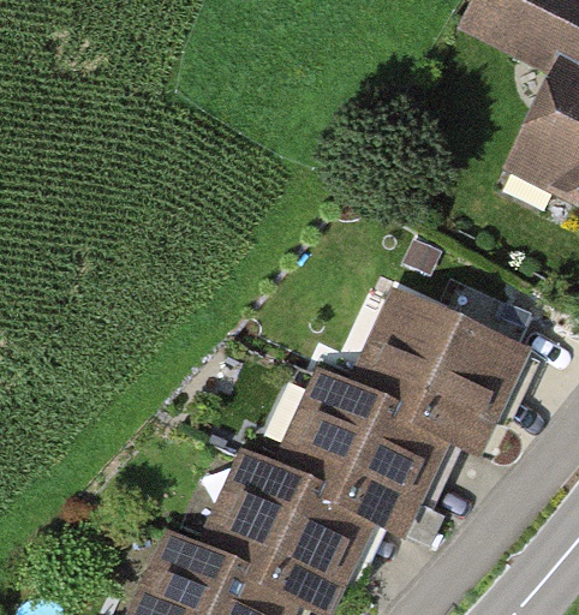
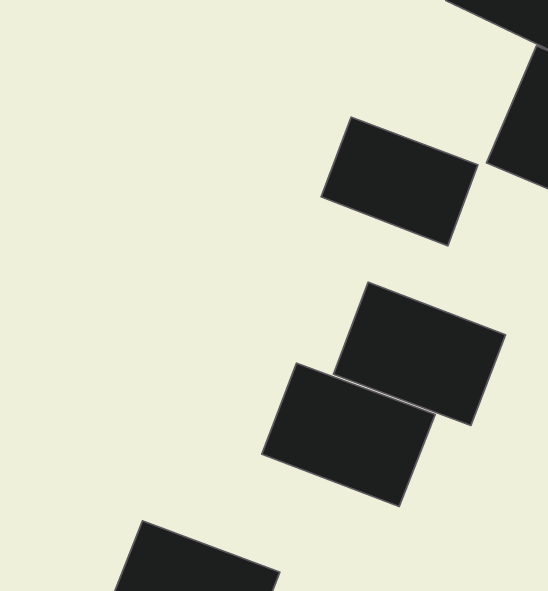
building: none -> [321,117,478,246]
building: [209,454,382,598] -> none

